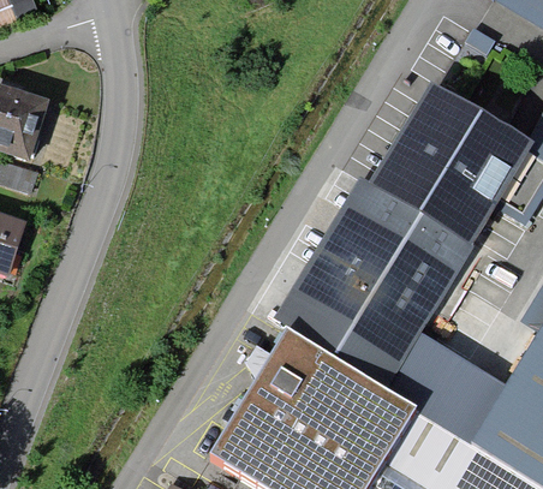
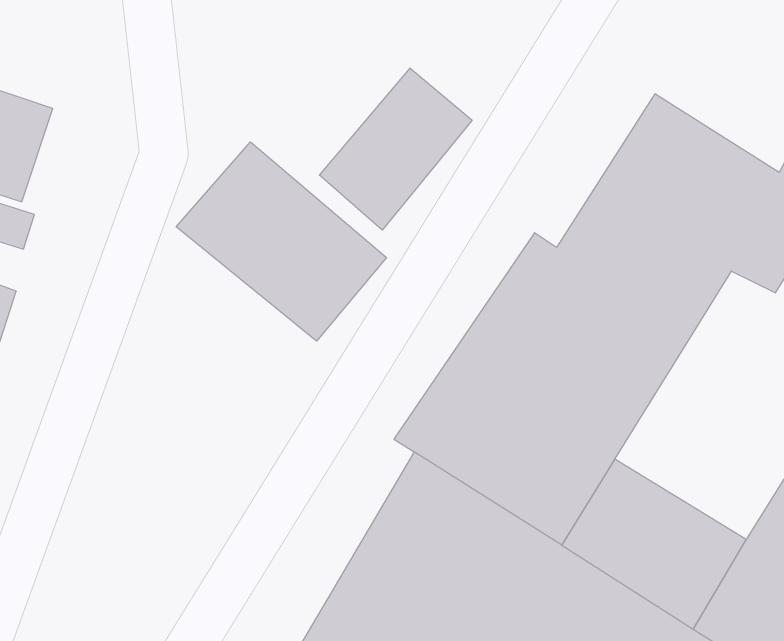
building: none -> [319,68,472,230]
building: none -> [176,142,387,341]

